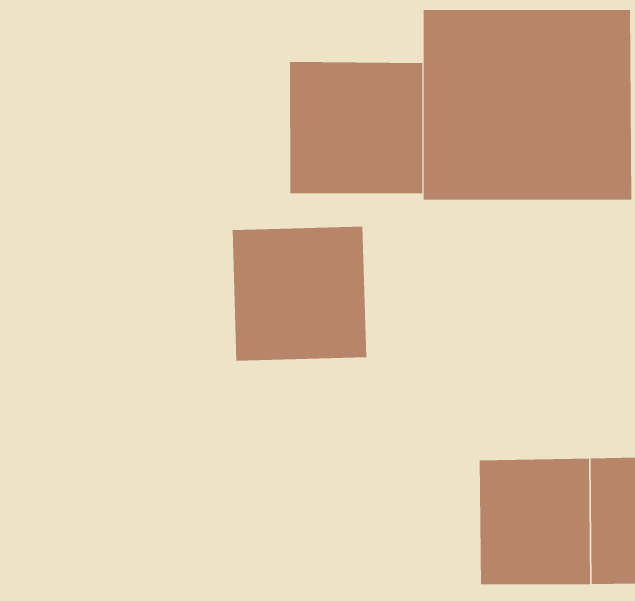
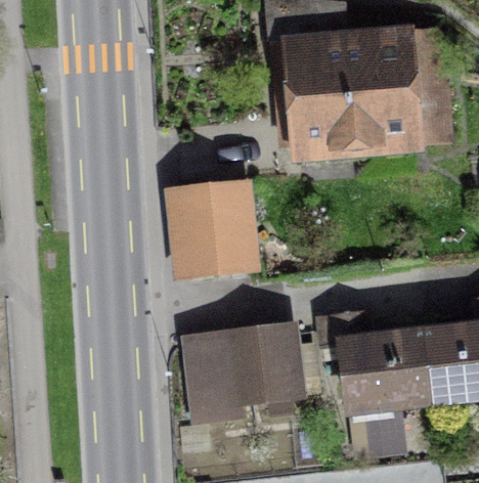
building: [290,61,423,194] -> none
building: none -> [184,319,306,408]

